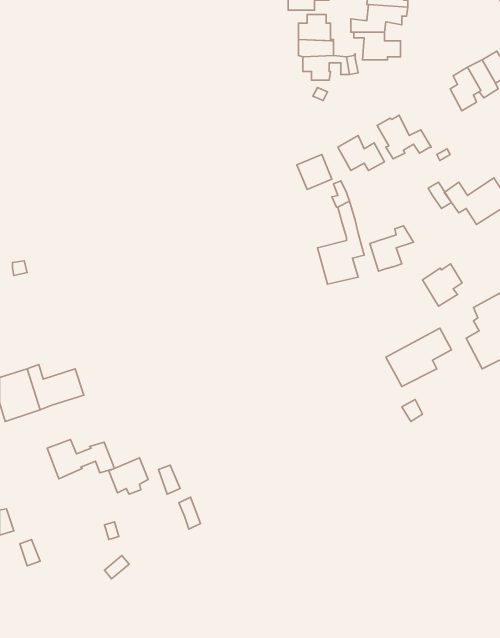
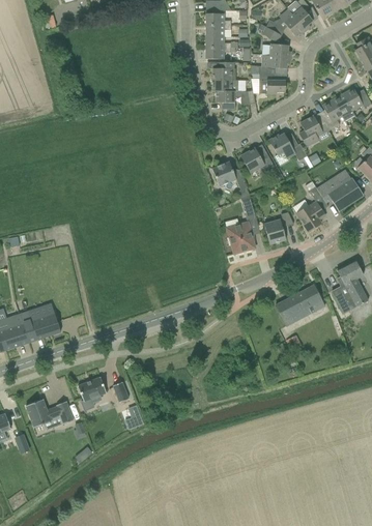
building: none -> [298,114,328,146]
building: [423,264,462,306] -> [296,201,324,231]
building: [47,439,114,479] -> [26,399,74,427]

